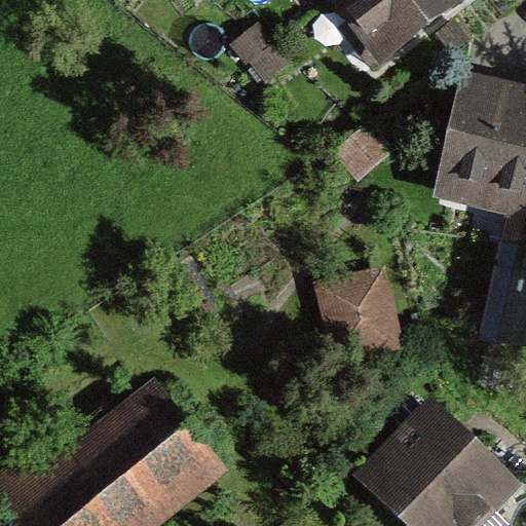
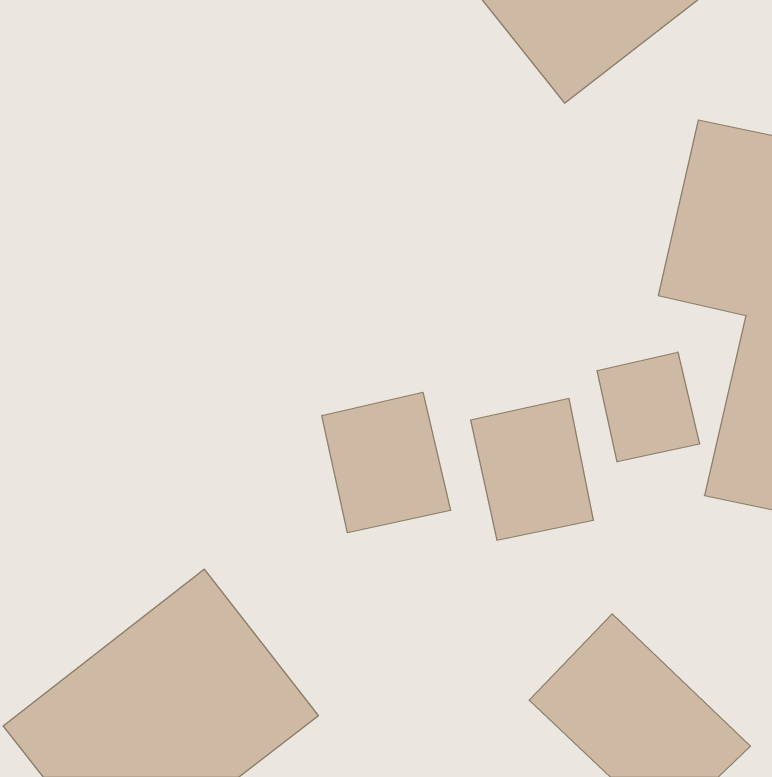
building: none -> [597,352,699,462]
building: none -> [322,392,451,533]

